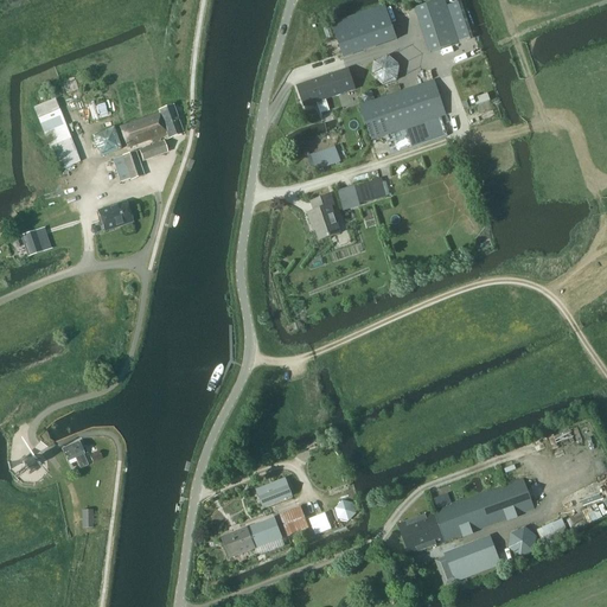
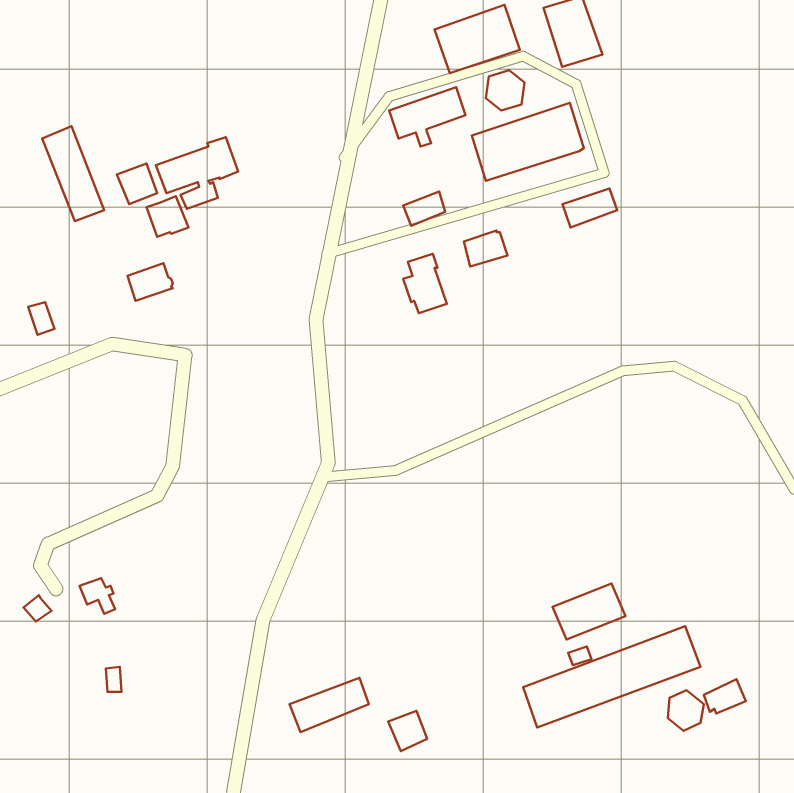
building: [405,116,447,146] -> [563,188,617,227]
building: [255,477,292,505] -> none
building: [279,505,308,536] -> [388,711,427,751]
building: [445,537,500,580] -> [552,584,626,640]

